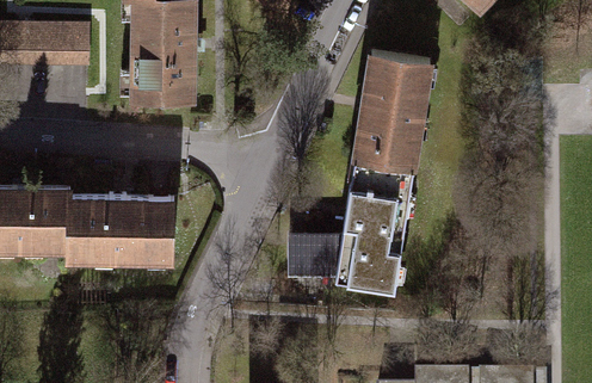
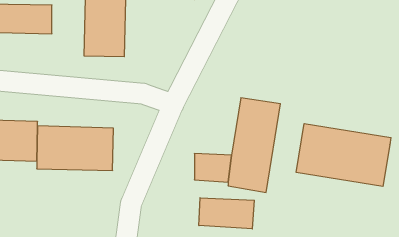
building: [356,57,430,167] -> none
building: none -> [296,124,391,186]
building: none -> [199,198,254,229]

